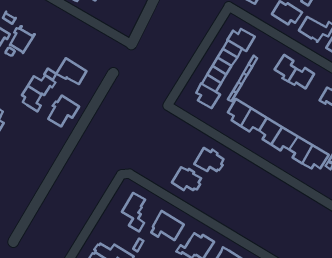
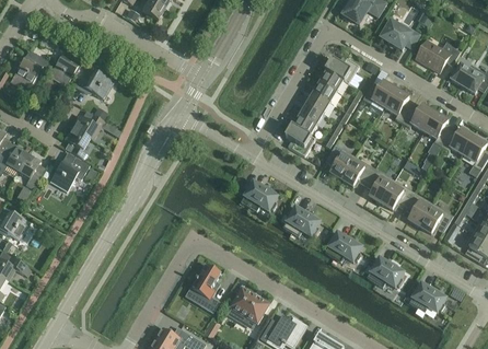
building: none -> [362,80,396,106]
building: [56,58,87,84] -> [74,66,113,98]
building: none -> [423,112,451,154]
building: [48,95,79,126] -> [49,151,89,190]
building: [172,167,201,190] -> [241,181,278,210]
building: none -> [324,231,361,261]
building: none -> [367,256,404,287]
building: none -> [408,281,445,312]

